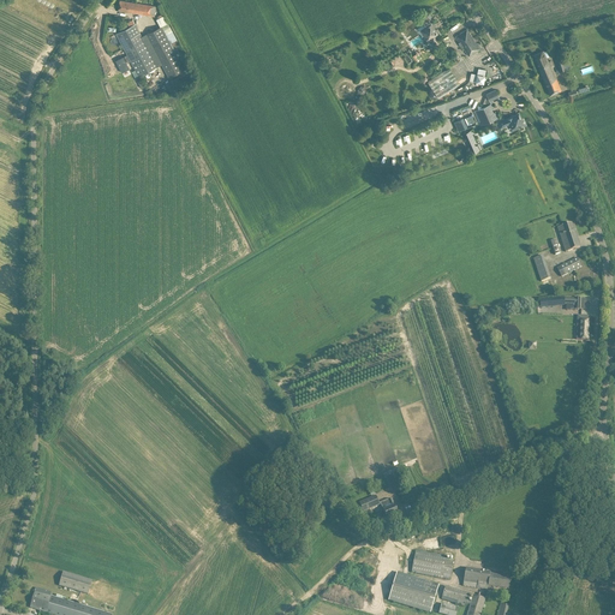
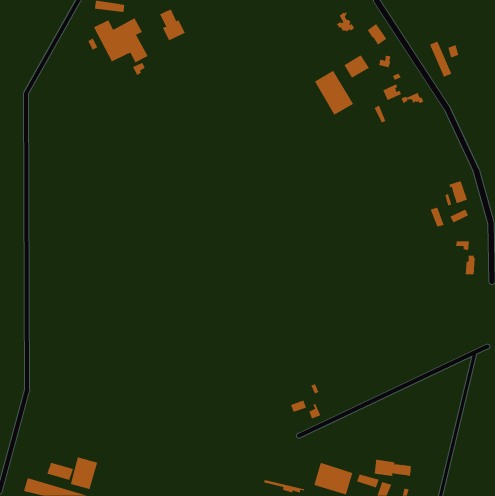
building: none -> [159,9,185,41]
building: none -> [314,70,354,116]
building: [411,551,453,579] -> none
building: none -> [70,456,98,490]

